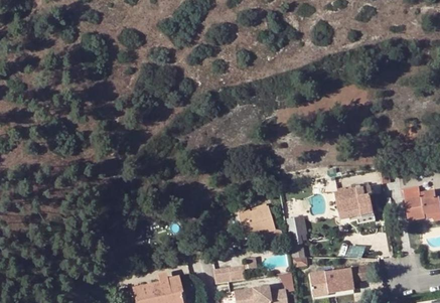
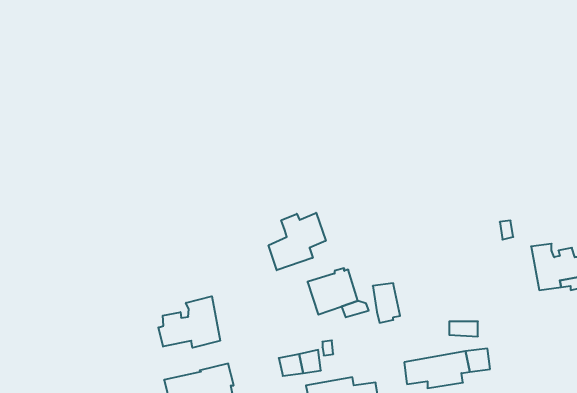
building: none -> [269,213,326,270]
building: [333,183,375,222] -> none
building: none -> [158,296,220,348]

